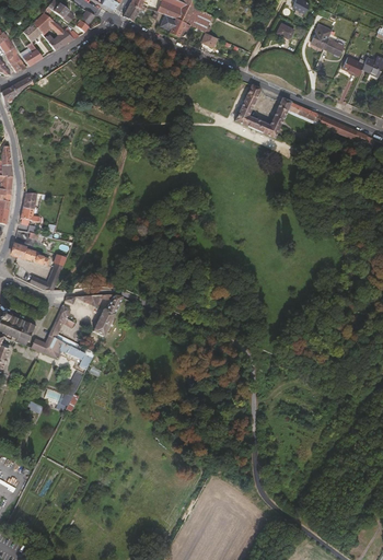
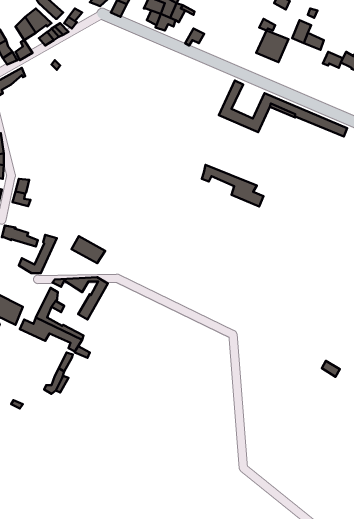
building: none -> [256,31,288,62]
building: none -> [202,165,263,206]
building: none -> [71,236,105,263]

